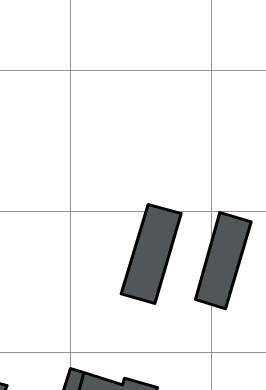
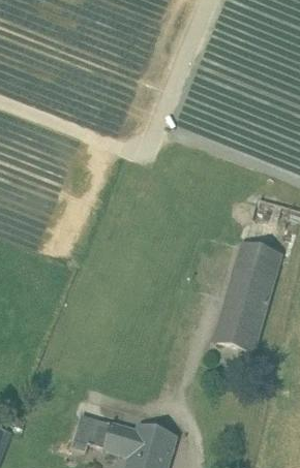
building: [121,205,181,303] -> none

